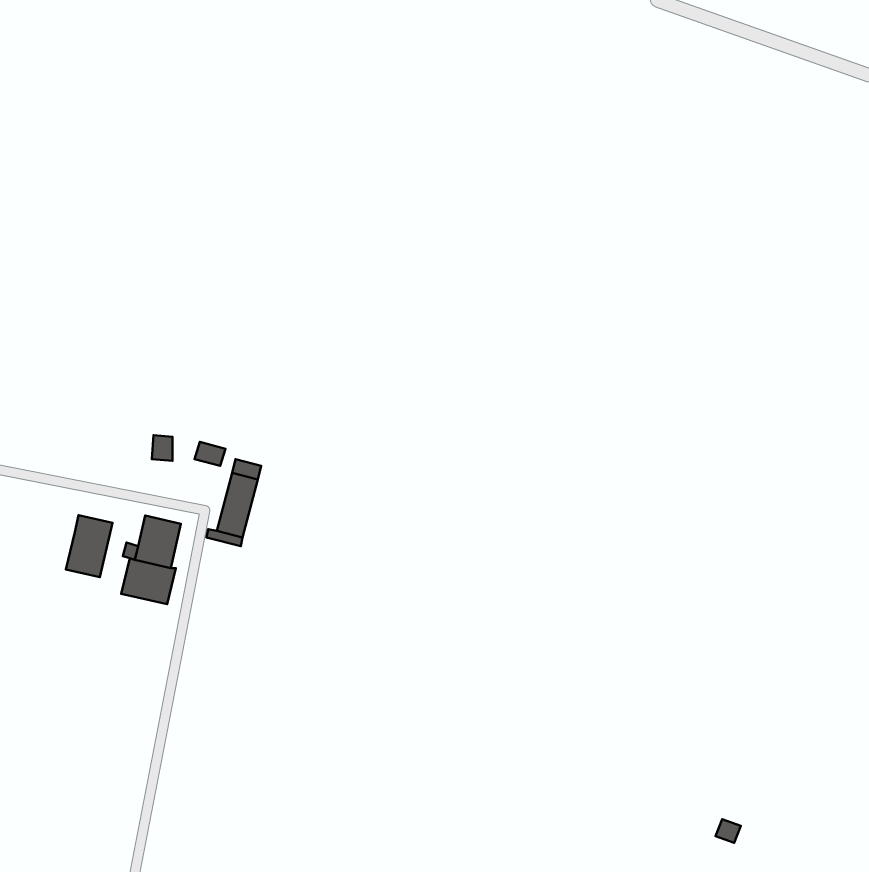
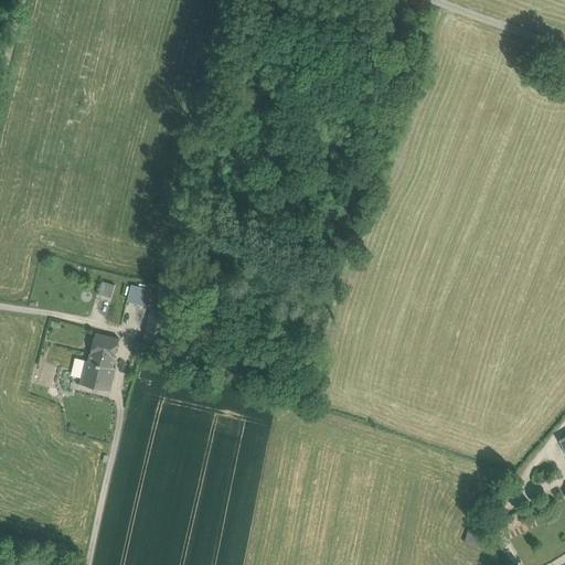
building: [66,515,112,577] -> none

